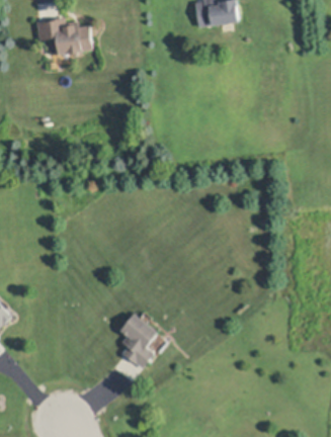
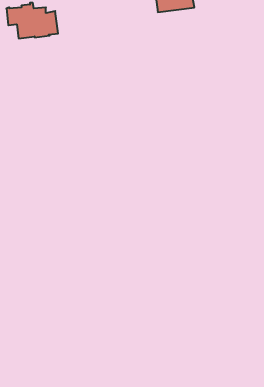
building: [120,315,157,368] -> none

